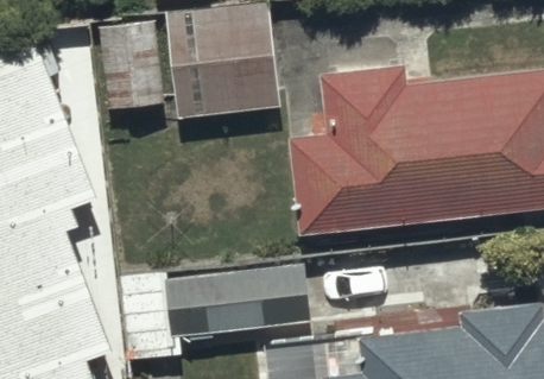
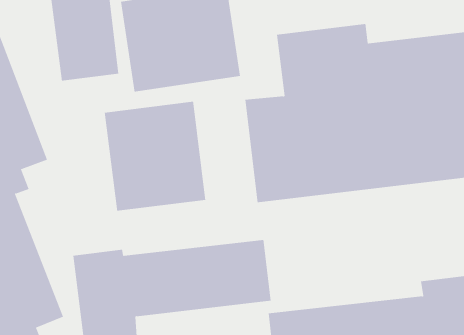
building: none -> [104,101,206,211]

